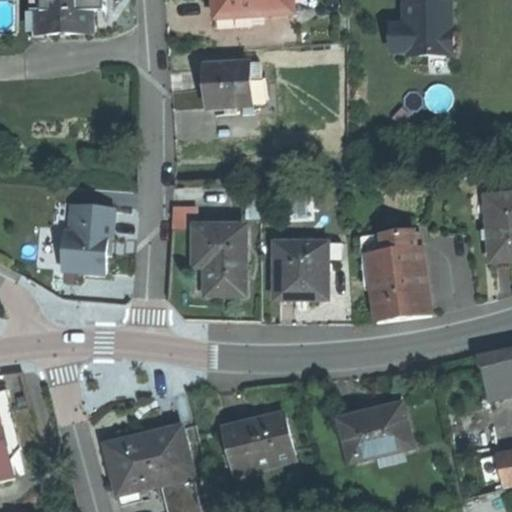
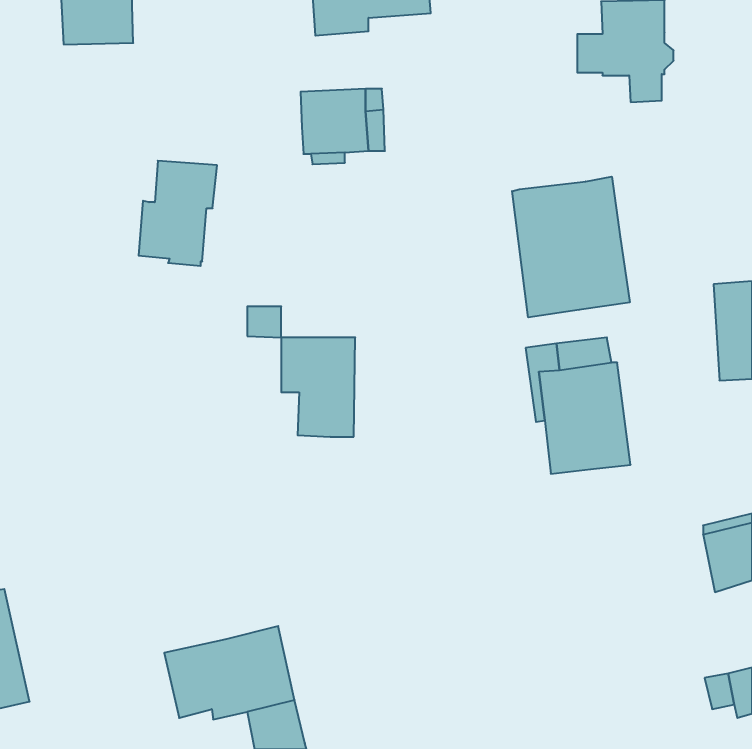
building: none -> [512,177,630,317]
building: [61,202,114,273] -> [139,161,217,266]
building: [270,241,338,299] -> none
building: [348,401,420,459] -> none
building: [230,412,301,468] -> none

